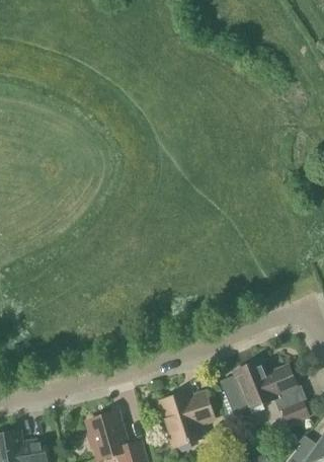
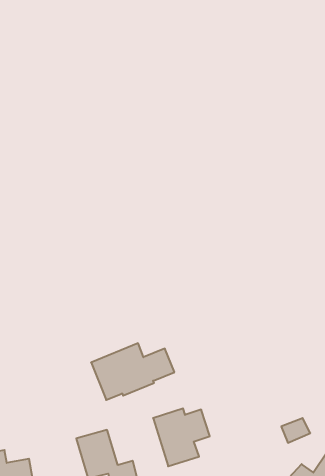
building: [218,360,297,413] -> [91,343,174,400]

